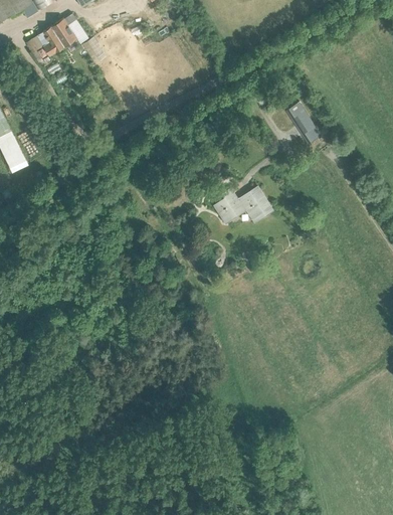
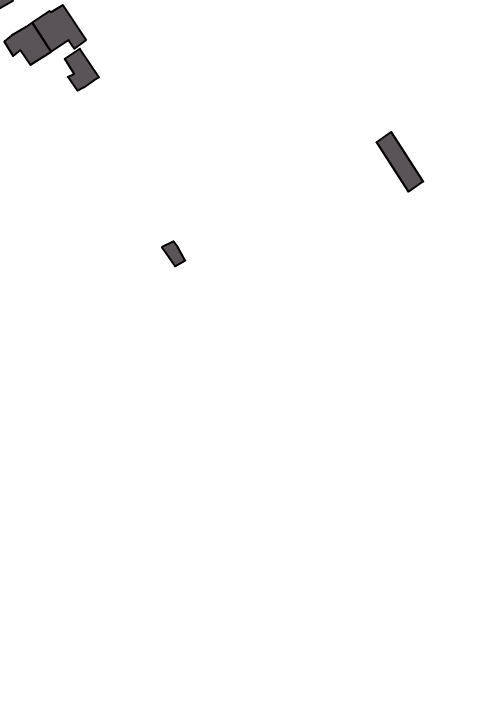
building: none -> [65,49,99,91]
building: [214,187,271,223] -> none

